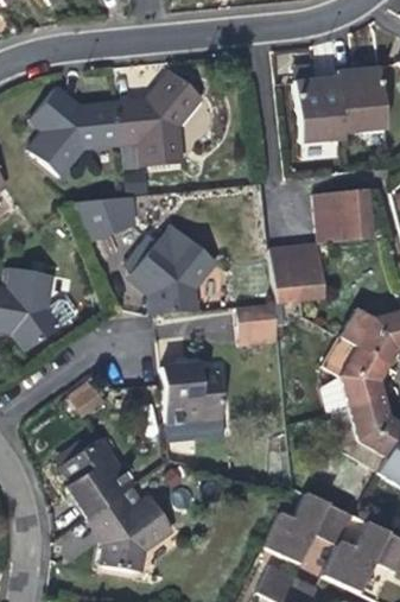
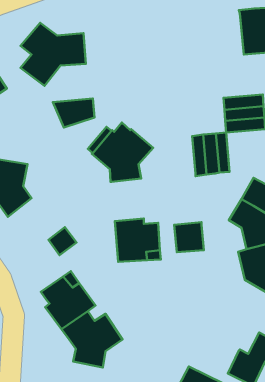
building: [119,74,205,170] -> none
building: [293,77,344,145] -> none
building: [237,300,279,342] -> [174,222,204,252]
building: [261,494,353,566] -> none

